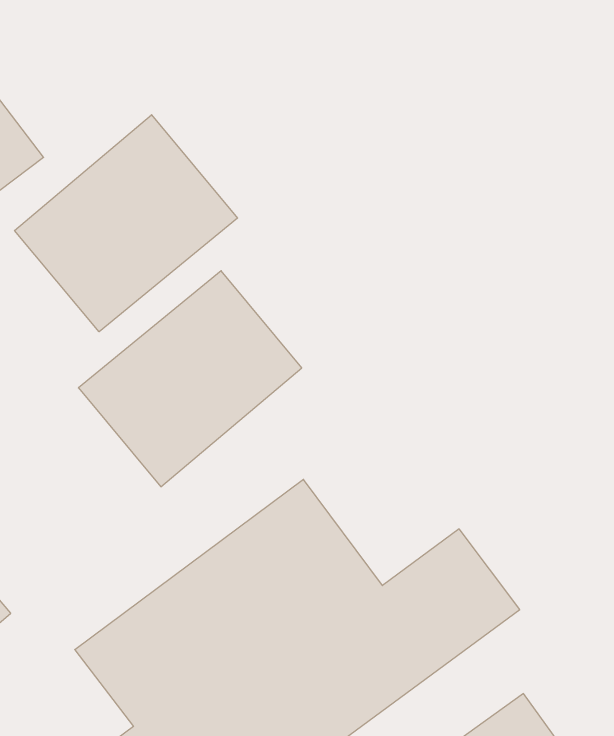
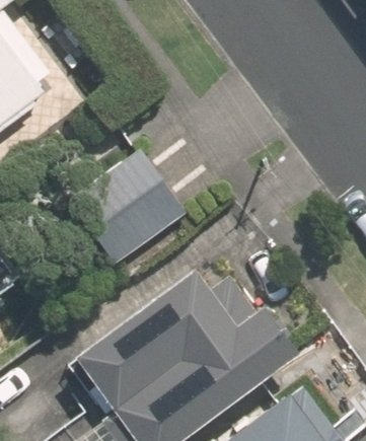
building: [15,115,238,332] -> none

